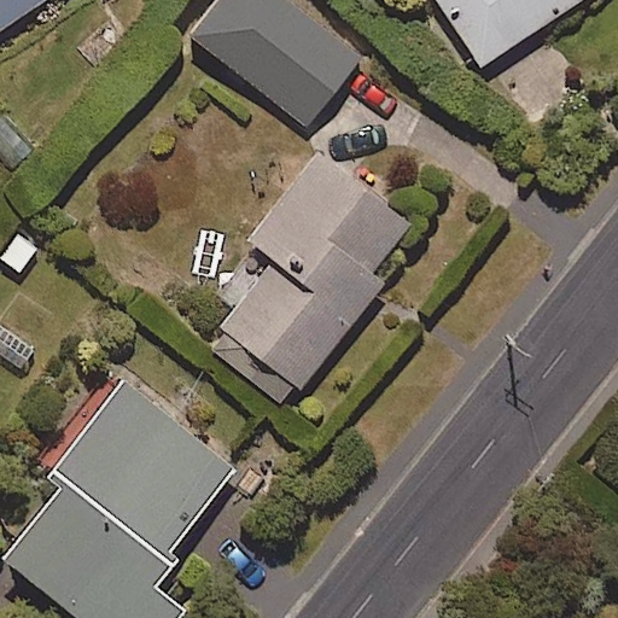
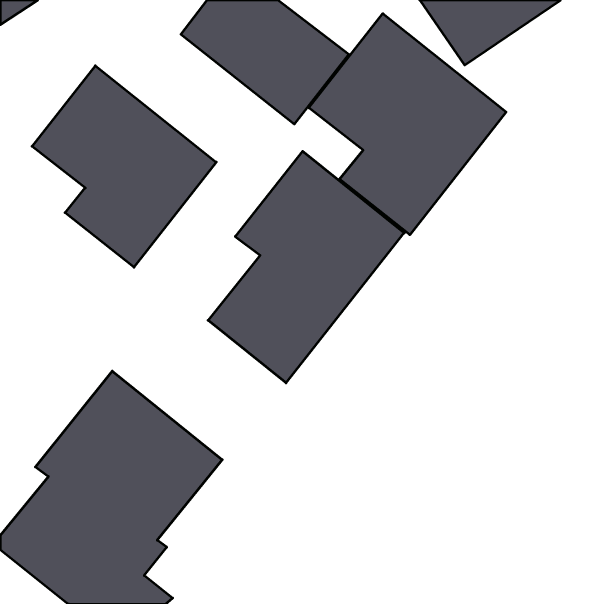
building: none -> [309,14,506,235]
building: none -> [32,66,216,267]

